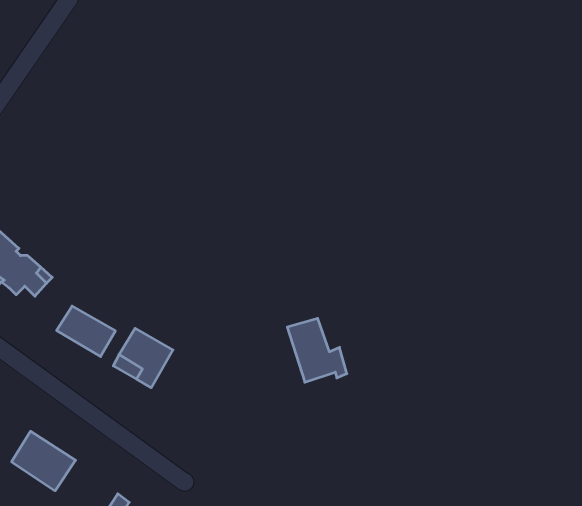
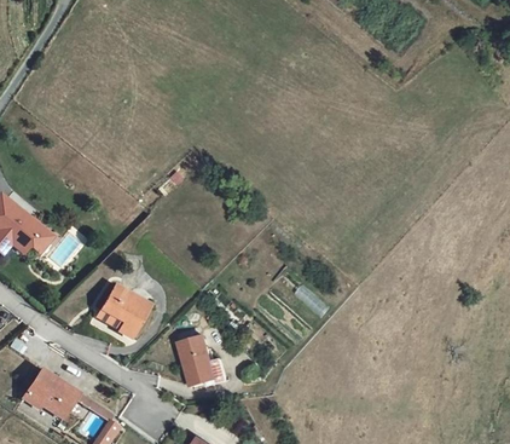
building: [57,306,115,357] -> none
building: [287,318,347,382] -> [178,334,227,387]

